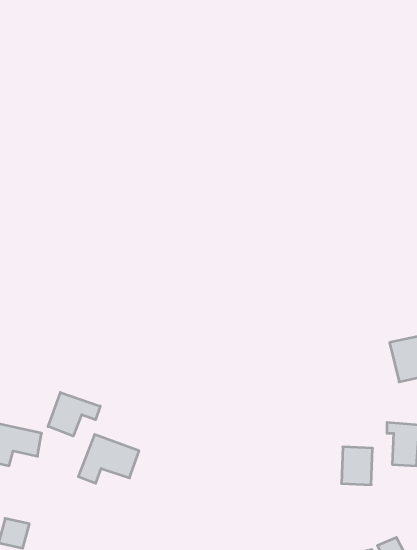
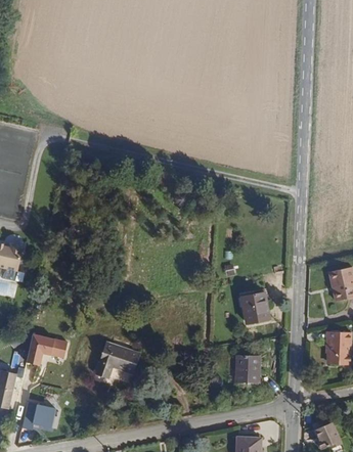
building: none -> [248,289,273,320]
building: [48,392,100,436] -> none
building: [341,447,373,485] -> [236,352,260,380]

